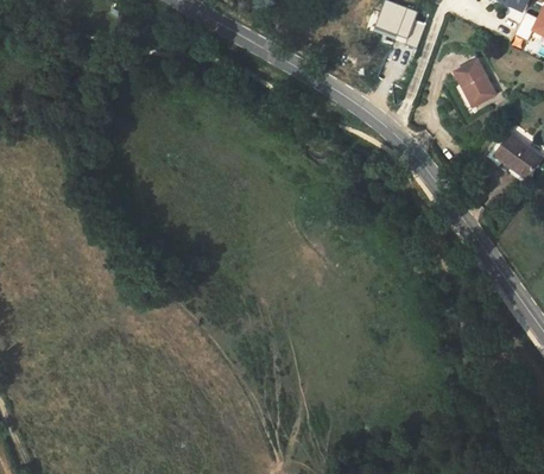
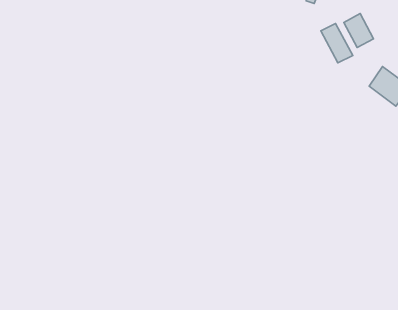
building: none -> [321,23,353,63]

